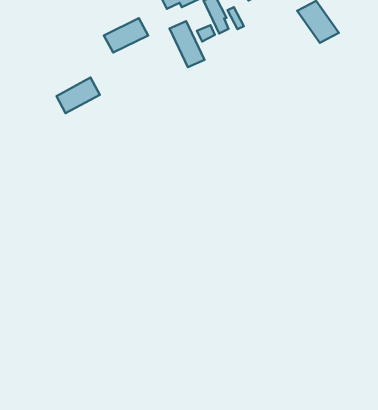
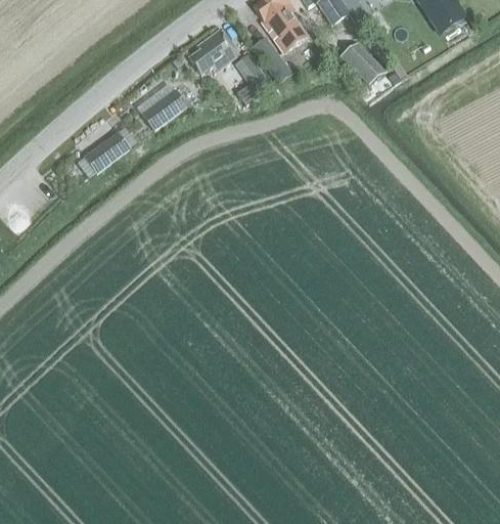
building: [169,21,204,67] -> none
building: [56,78,100,113] -> [84,130,129,171]

